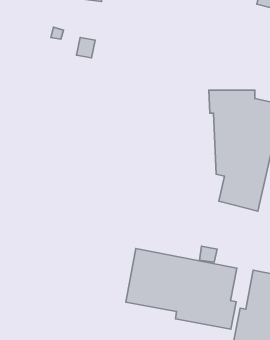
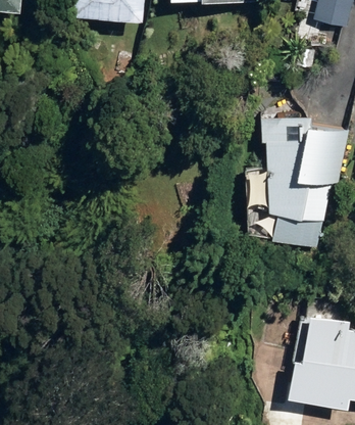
building: [126,248,237,329] -> none

